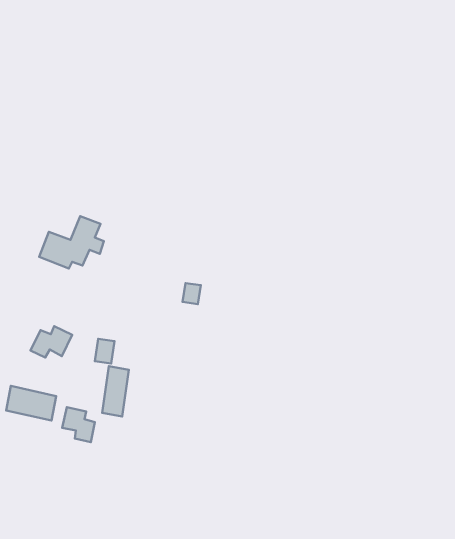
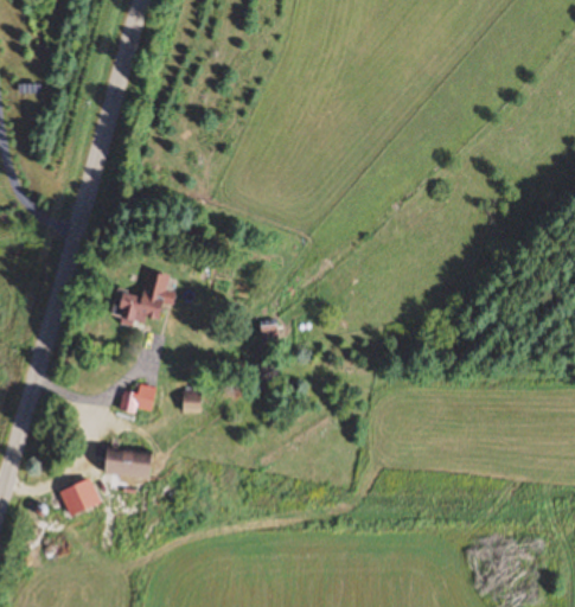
building: [102,366,129,416] -> none
building: [62,407,95,442] -> none

